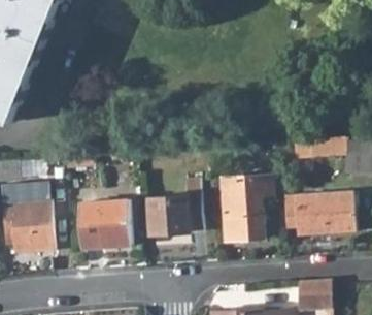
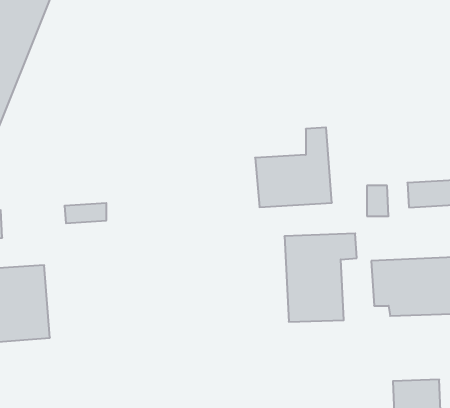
building: [149,177,204,233] -> [255,127,332,207]
building: [79,199,133,248] -> none

